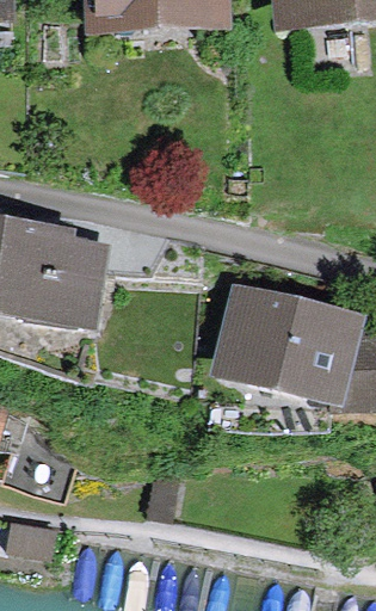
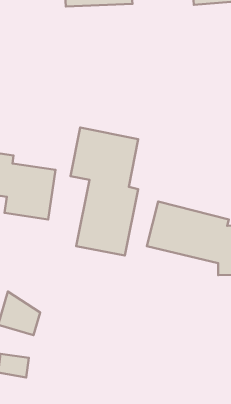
building: none -> [71,128,138,255]

